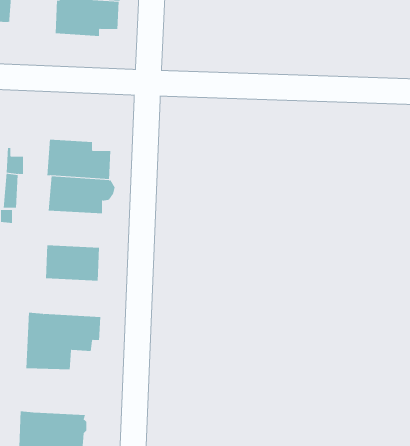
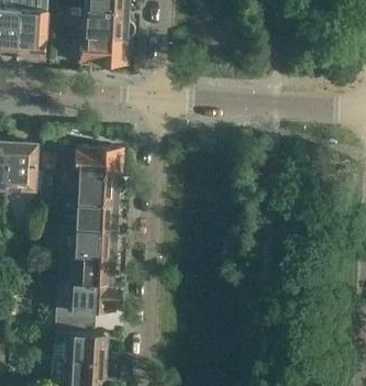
building: none -> [73,200,117,229]
building: none -> [70,253,113,283]
building: none -> [54,329,106,360]

